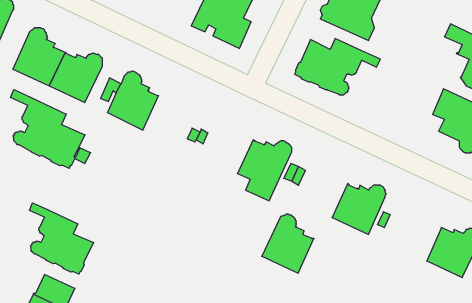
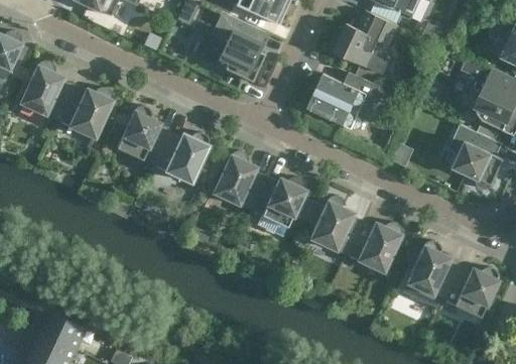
building: [11,90,85,168] -> none
building: none -> [153,131,209,184]
building: none -> [214,151,266,211]
building: none -> [402,241,459,310]
building: [29,203,94,274] -> none
building: [262,214,314,273] -> [309,196,363,256]

